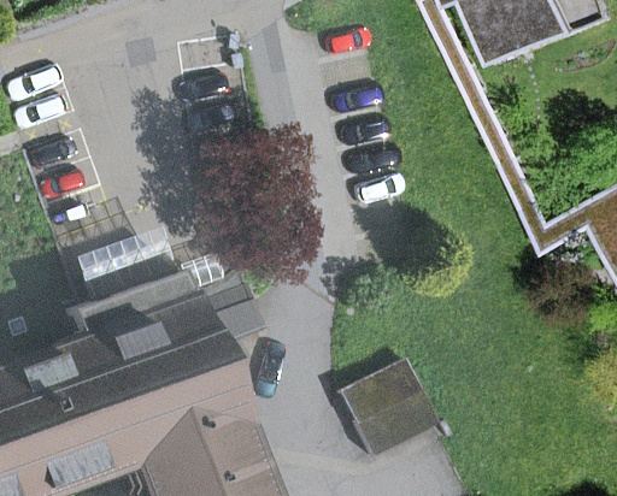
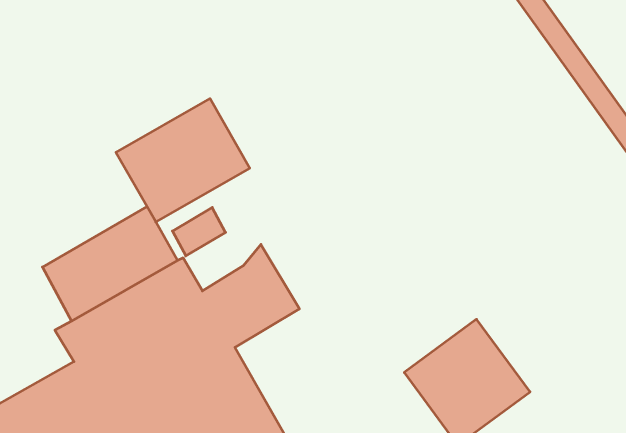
building: none -> [116,99,250,222]

